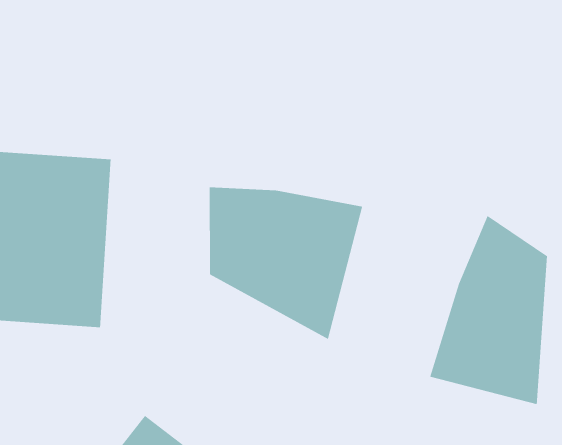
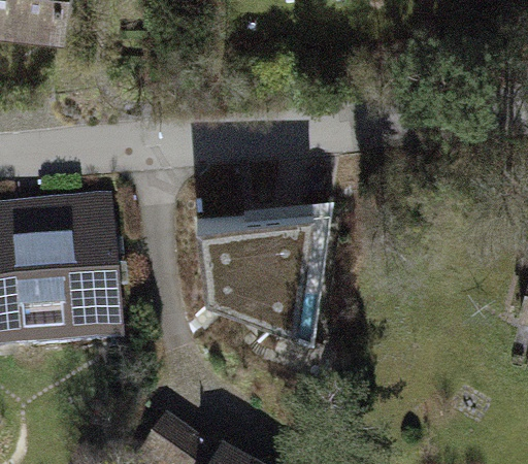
building: [429,215,548,405] -> none

